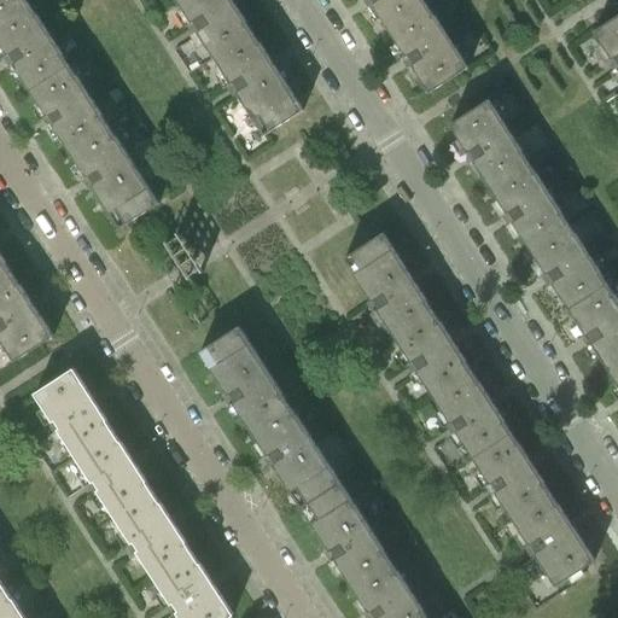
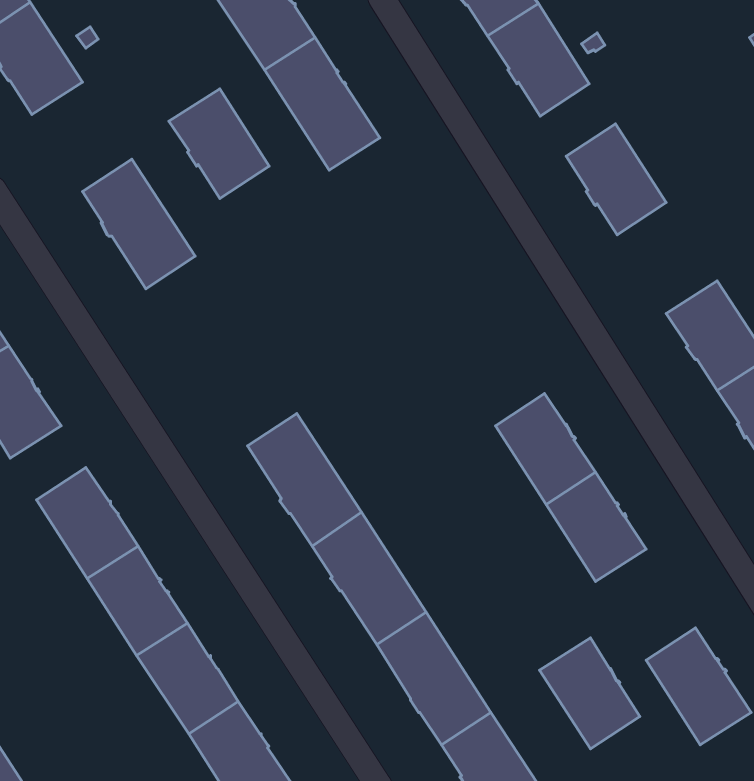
building: [30,66,109,152] -> [169,89,269,198]
building: [489,161,567,247] -> none
building: [343,233,432,336] -> none
building: [472,432,550,519] -> [540,638,640,749]

